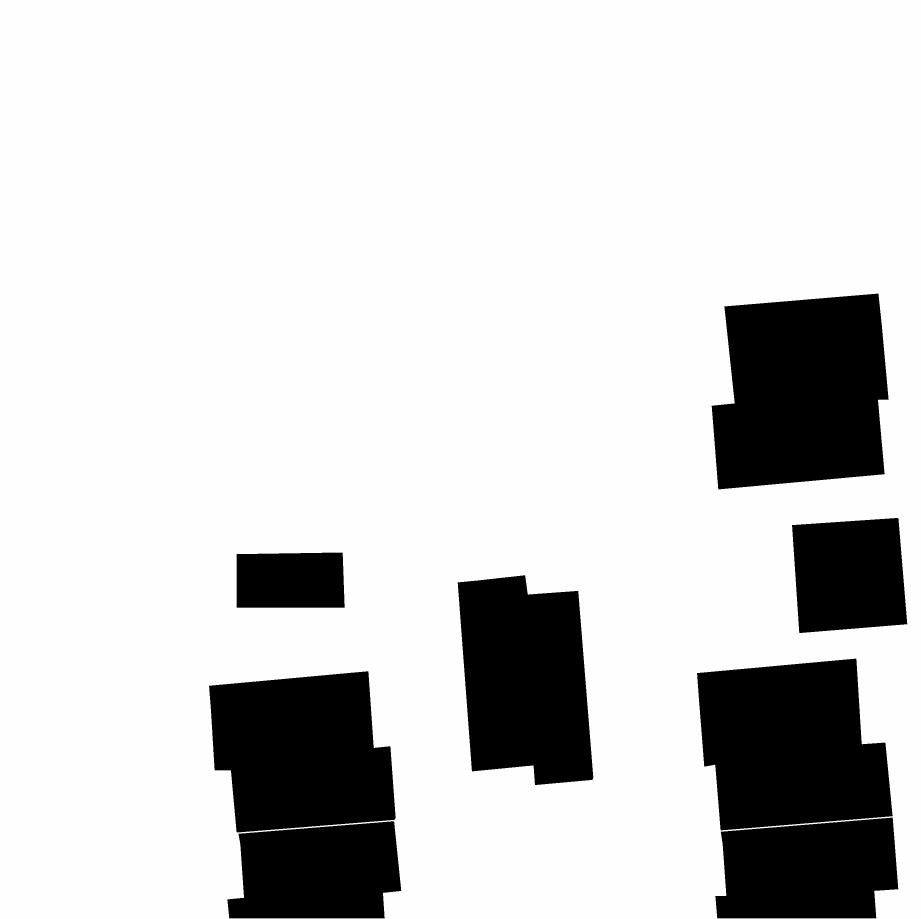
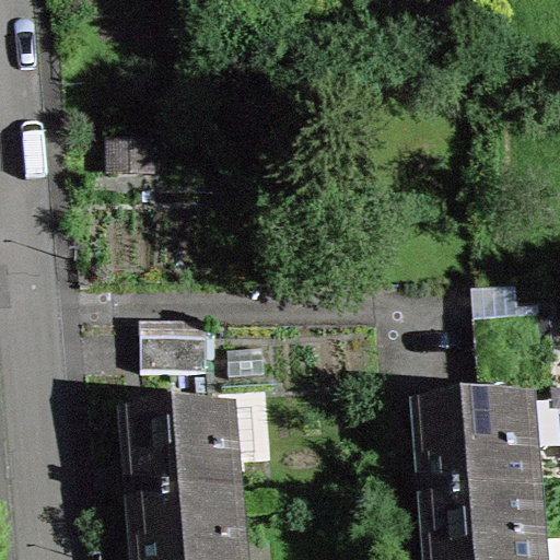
building: [711,293,890,490] -> none
building: [457,575,594,786] -> none

